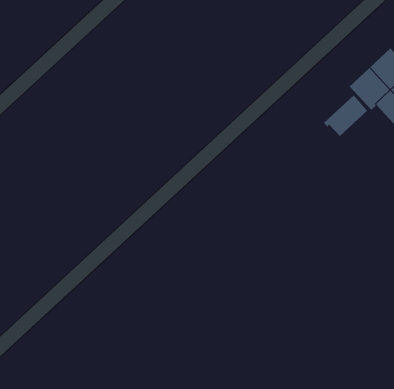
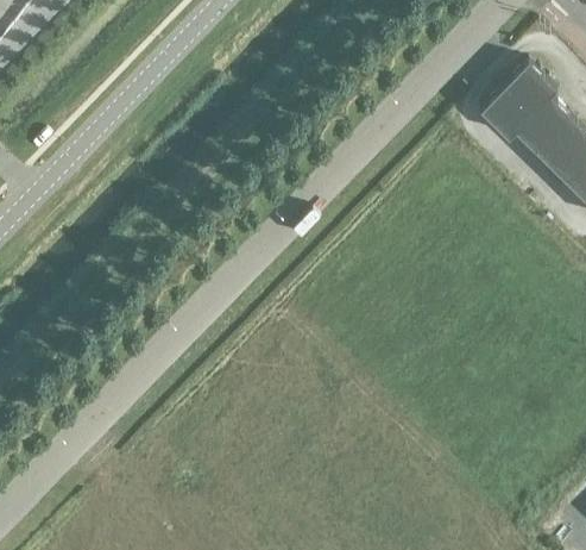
building: [323,94,368,137] -> none

